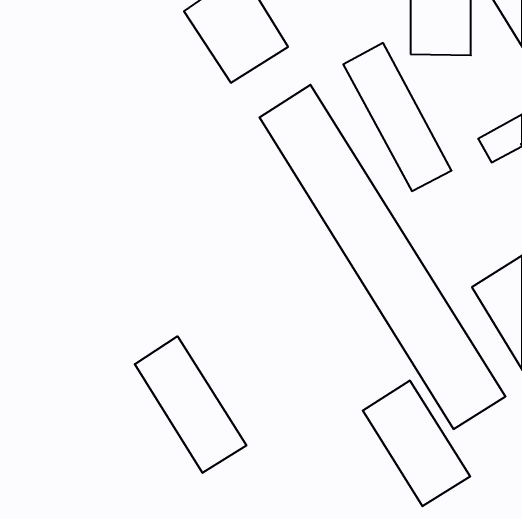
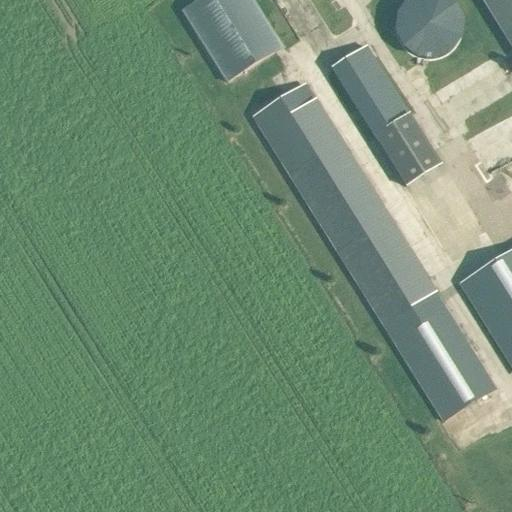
building: [135,336,246,473] -> none
building: [363,380,470,506] -> none

